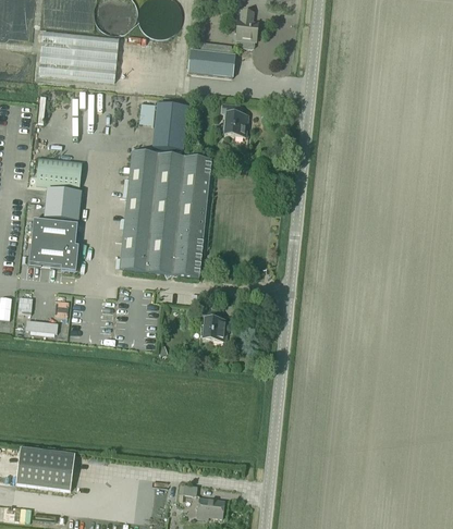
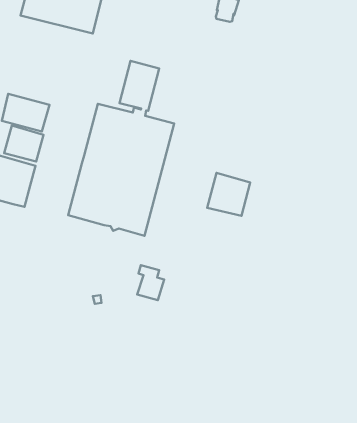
building: [188,41,234,76] -> none
building: [221,103,247,136] -> none
building: none -> [207,173,250,216]

